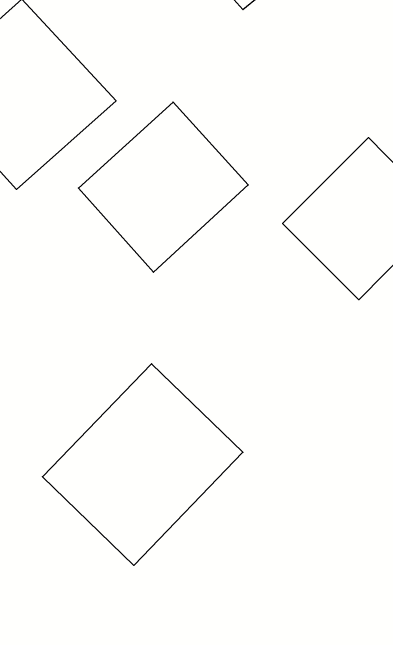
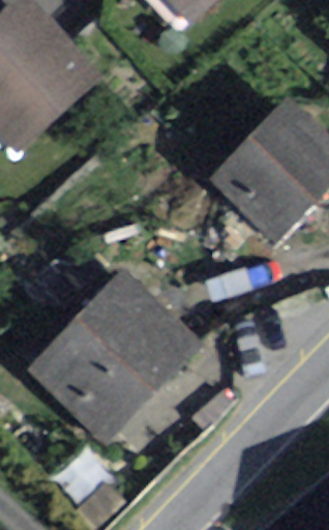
building: [78,102,248,272] -> none

